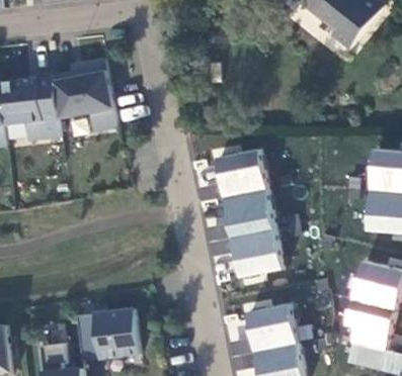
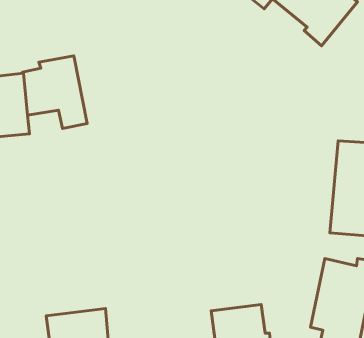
building: [189,144,285,279] -> none

